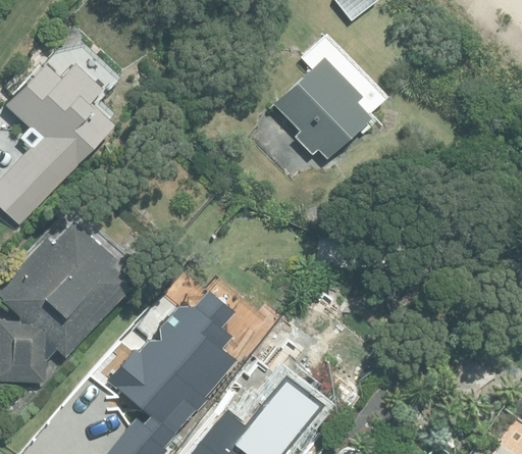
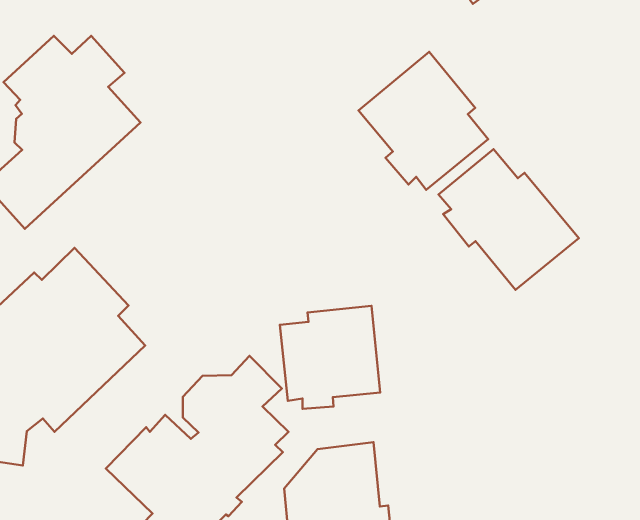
building: none -> [439,149,579,290]
building: none -> [280,306,380,409]

